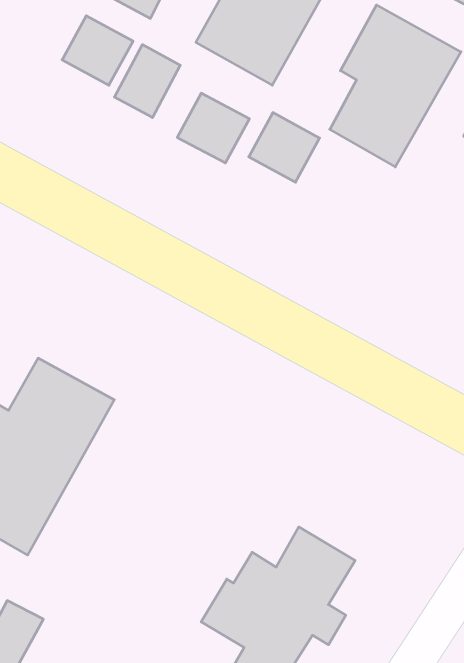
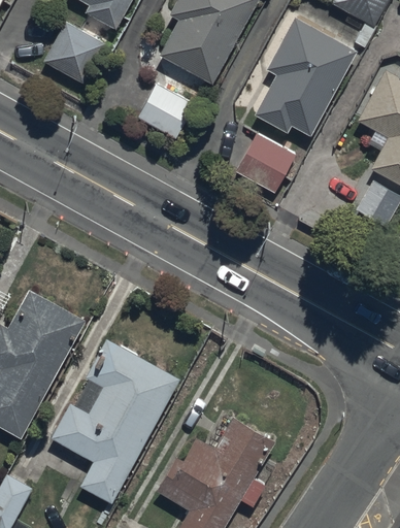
building: [114,45,180,118] -> none
building: [249,113,320,182] -> [238,135,293,189]
building: none -> [52,339,181,504]

